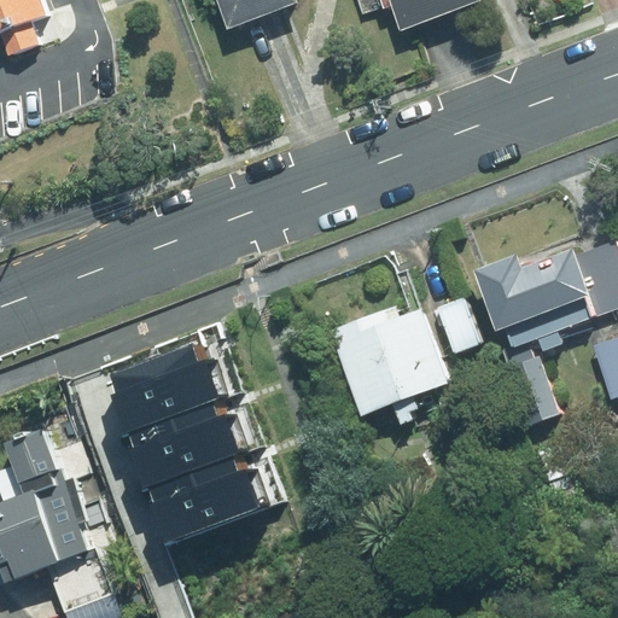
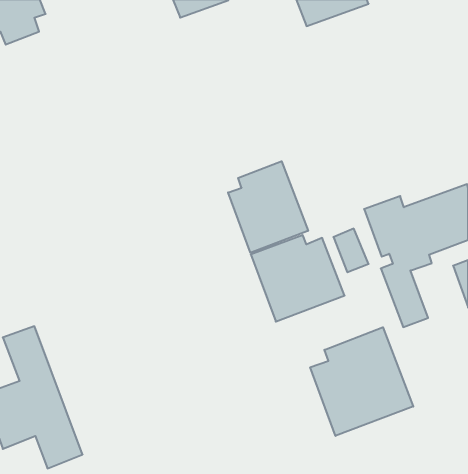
building: none -> [228,161,308,253]
building: [112,333,274,536] -> none
building: none -> [310,327,413,436]

